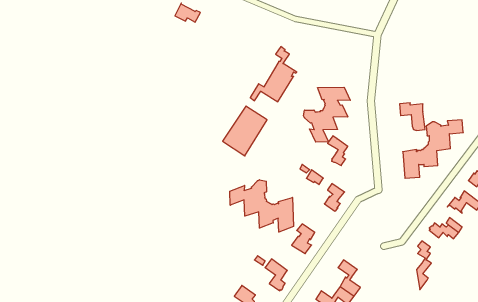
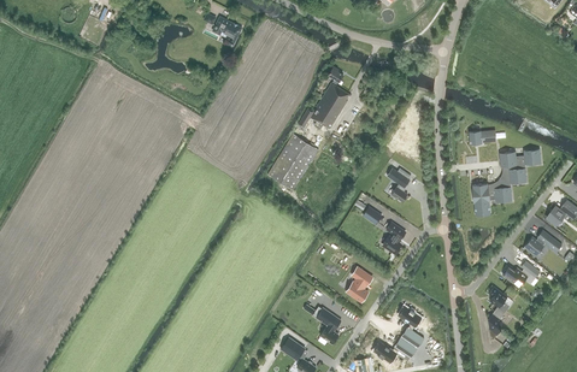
building: [304,87,350,142] -> none
building: [230,180,294,232] -> none

